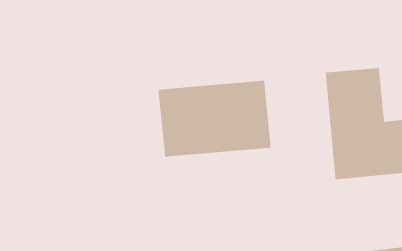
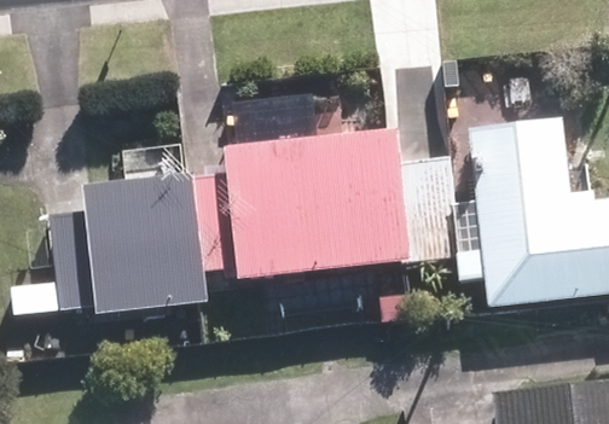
building: none -> [98,180,205,301]

